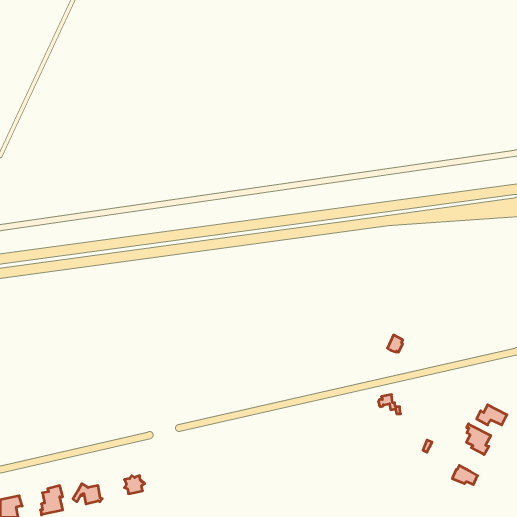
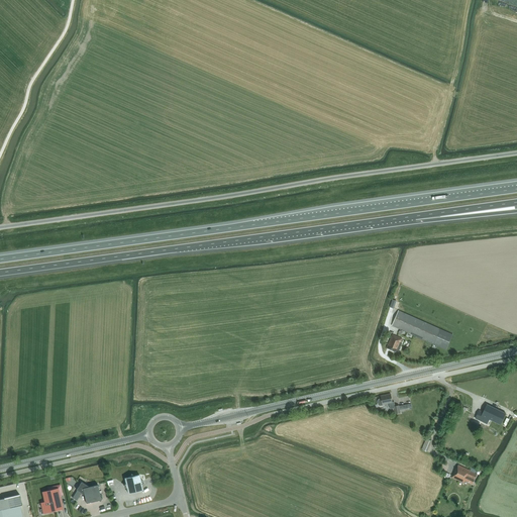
building: none -> [392,311,452,349]
building: [467,424,491,455] -> none

